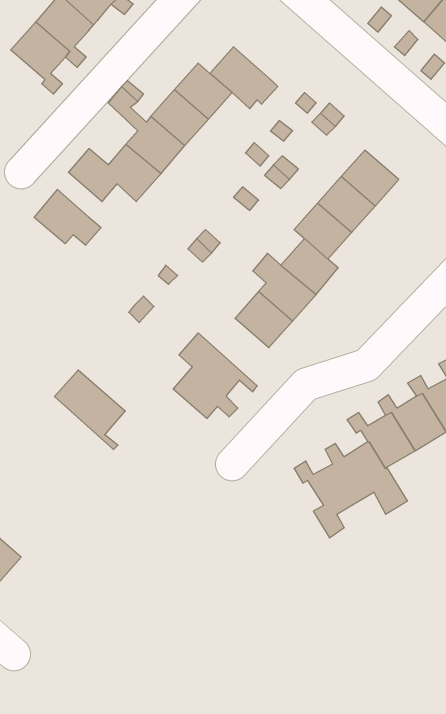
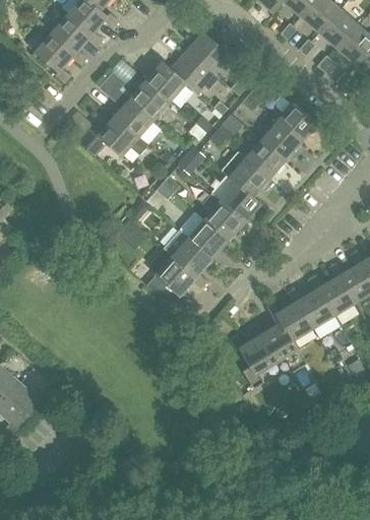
building: none -> [188,31,235,74]
building: none -> [279,103,318,141]
building: [34,189,101,245] -> none
building: [55,370,125,450] -> [164,229,212,283]

